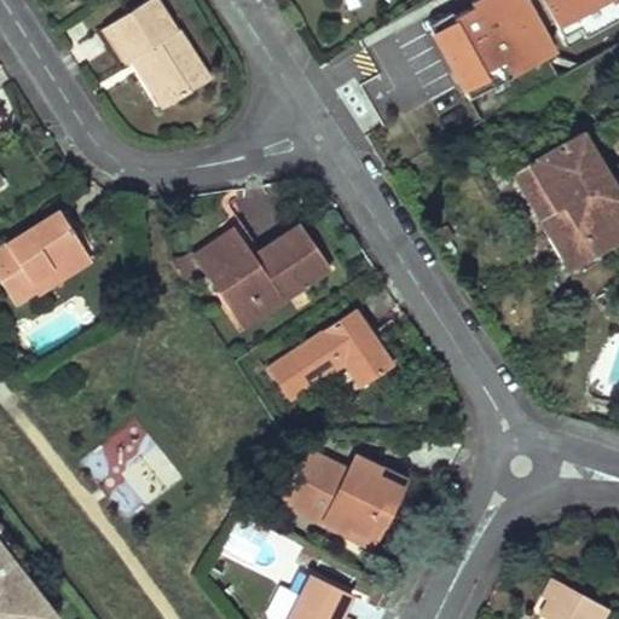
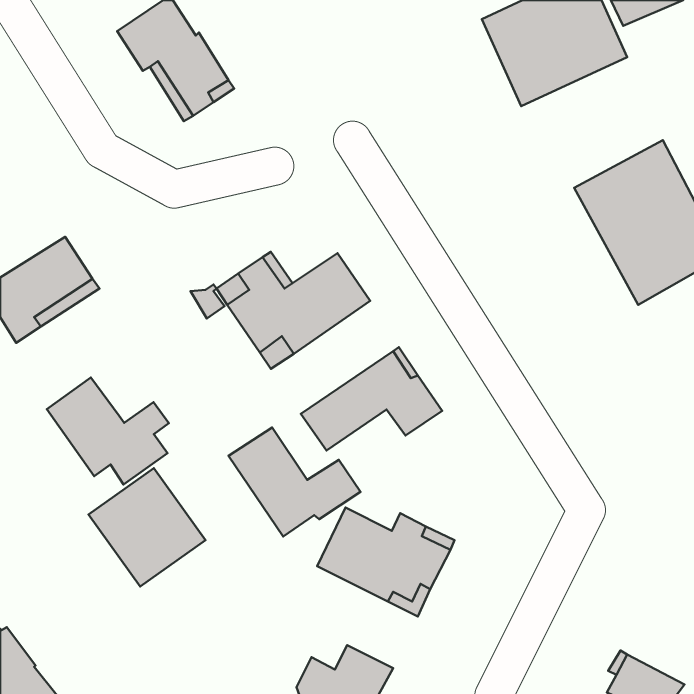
building: none -> [47,378,169,485]
building: none -> [229,427,361,537]

